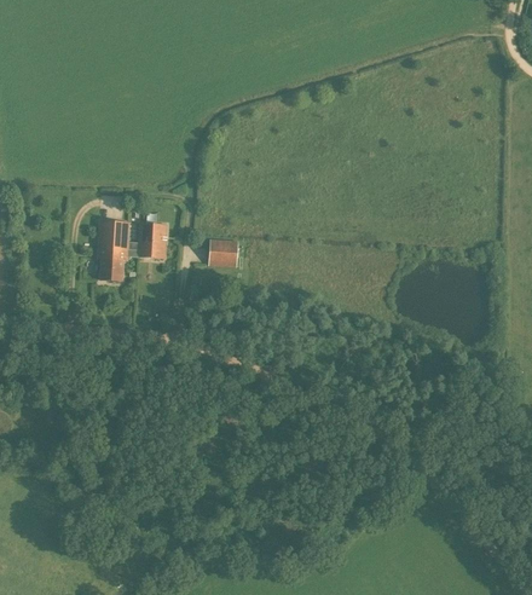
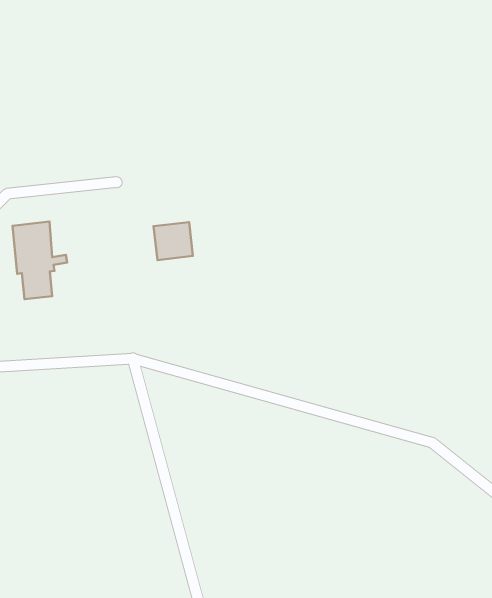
building: [138,223,166,258] -> none

